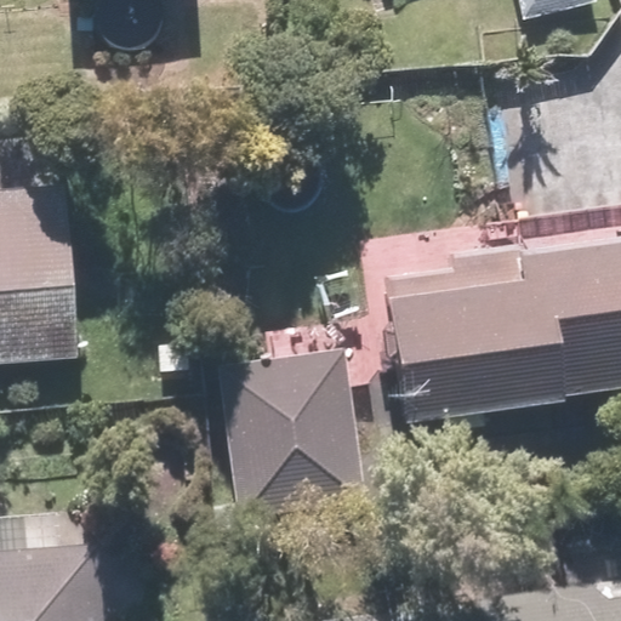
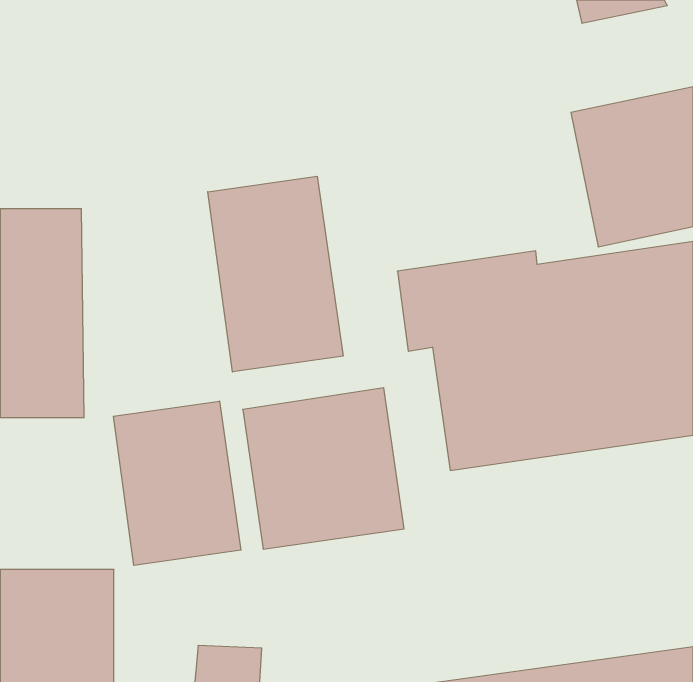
building: none -> [208,176,343,372]
building: none -> [113,401,241,565]

